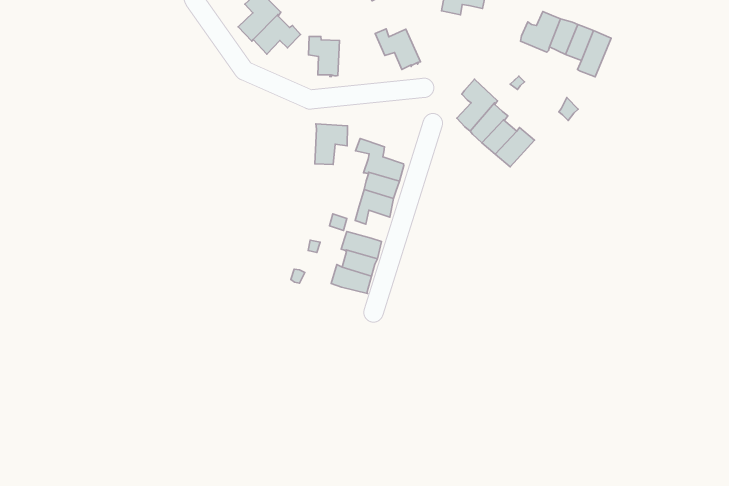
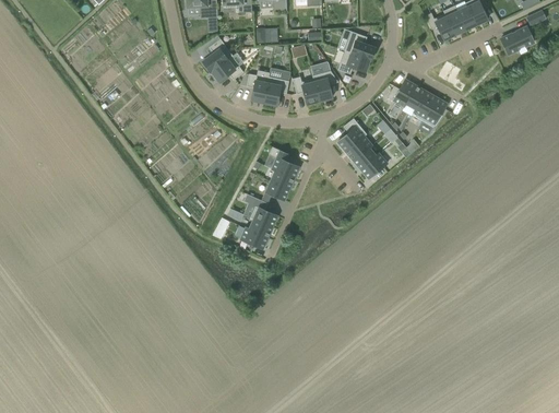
building: none -> [311,70,337,101]
building: [315,124,348,164] -> [263,75,288,104]

